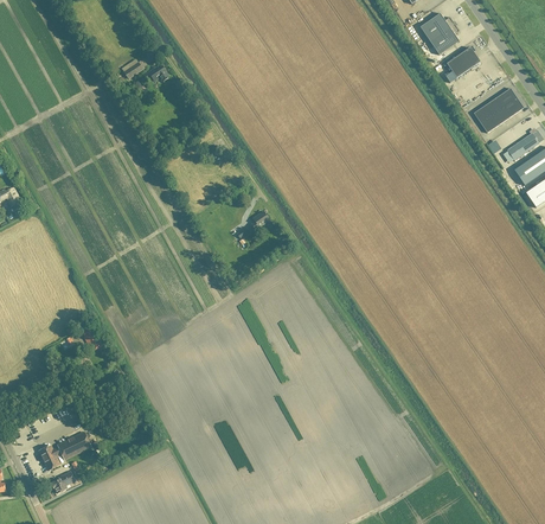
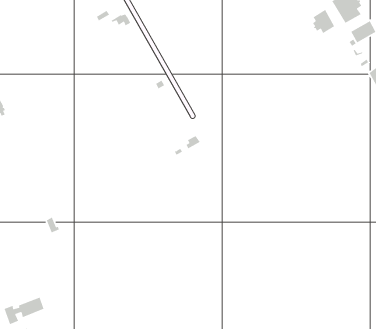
building: none -> [312,9,335,35]

